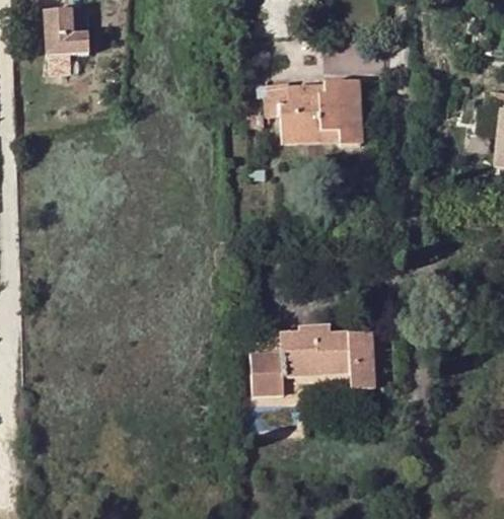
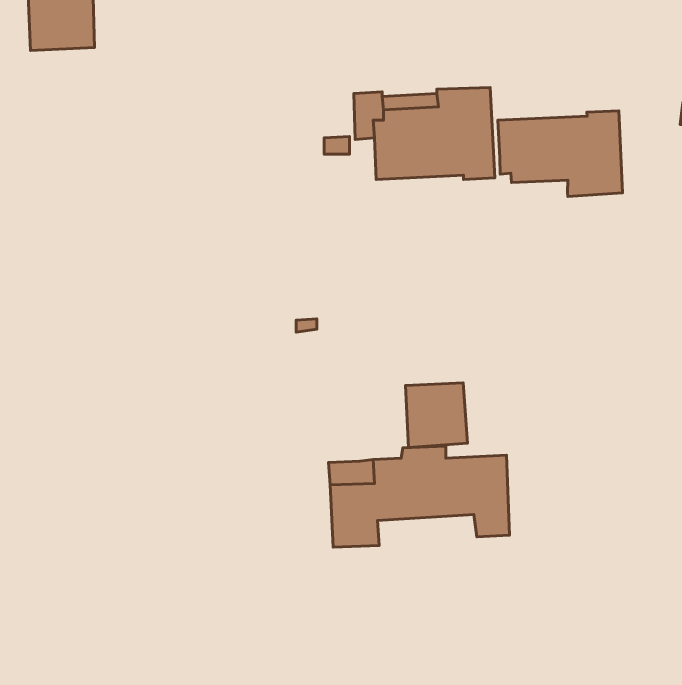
building: none -> [498,111,623,197]
building: none -> [405,383,467,448]

